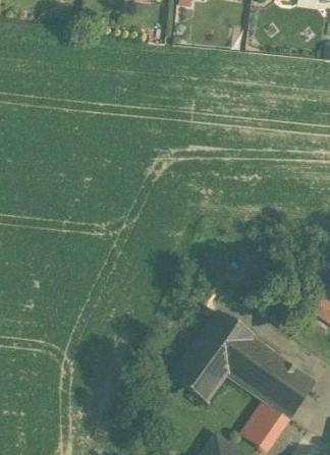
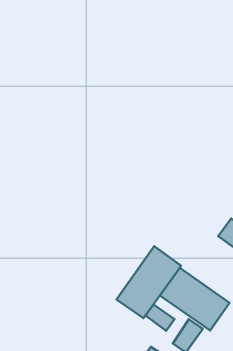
building: none -> [146,305,175,331]

